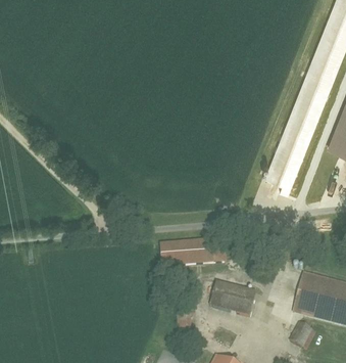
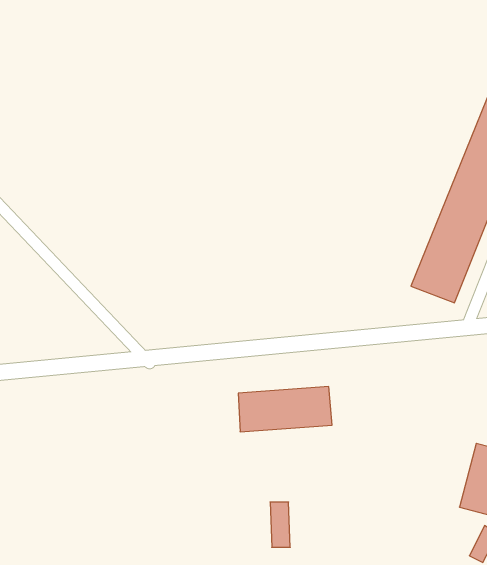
building: [209,280,256,315] -> none

